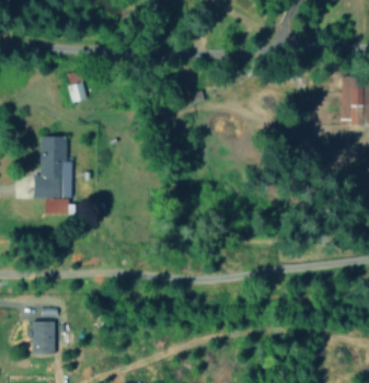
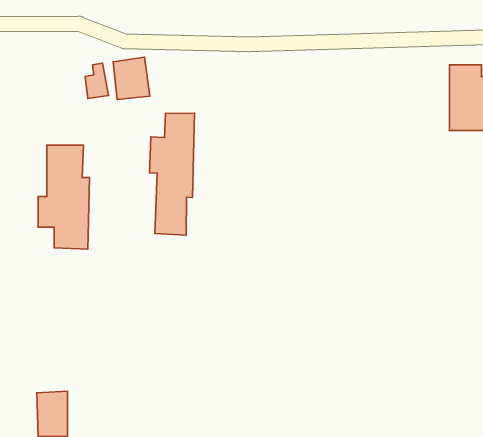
building: none -> [113,57,150,100]
building: none -> [150,113,194,235]

